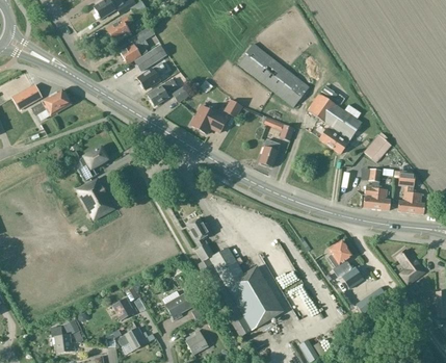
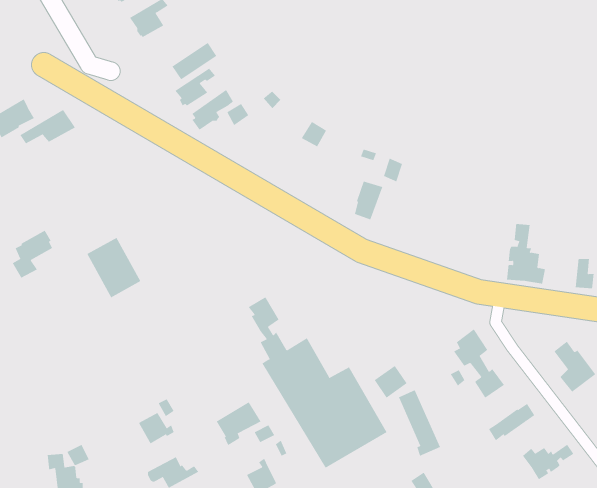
building: [121,26,154,63] -> none
building: [238,44,309,106] -> none
building: [308,93,362,153] -> none
building: [190,105,227,133] -> none
building: [364,132,391,161] -> none
building: [78,147,106,180] -> [12,230,53,279]
building: [397,170,415,212] -> none
building: none -> [522,444,574,480]

